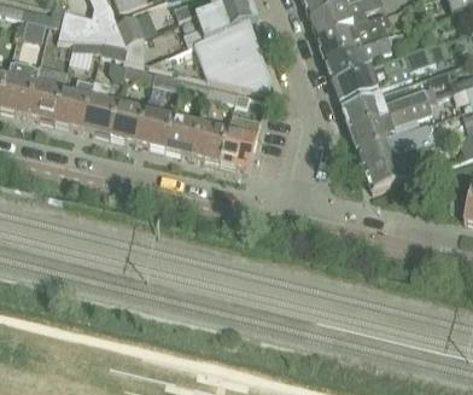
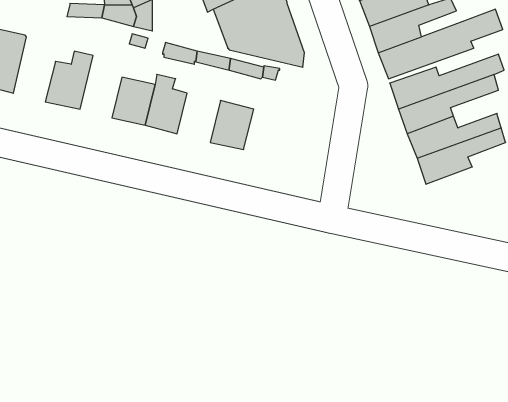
building: [28,64,68,121] -> none
building: [83,79,118,134] -> none
building: [220,112,261,168] -> none
building: [164,114,200,155] -> none

